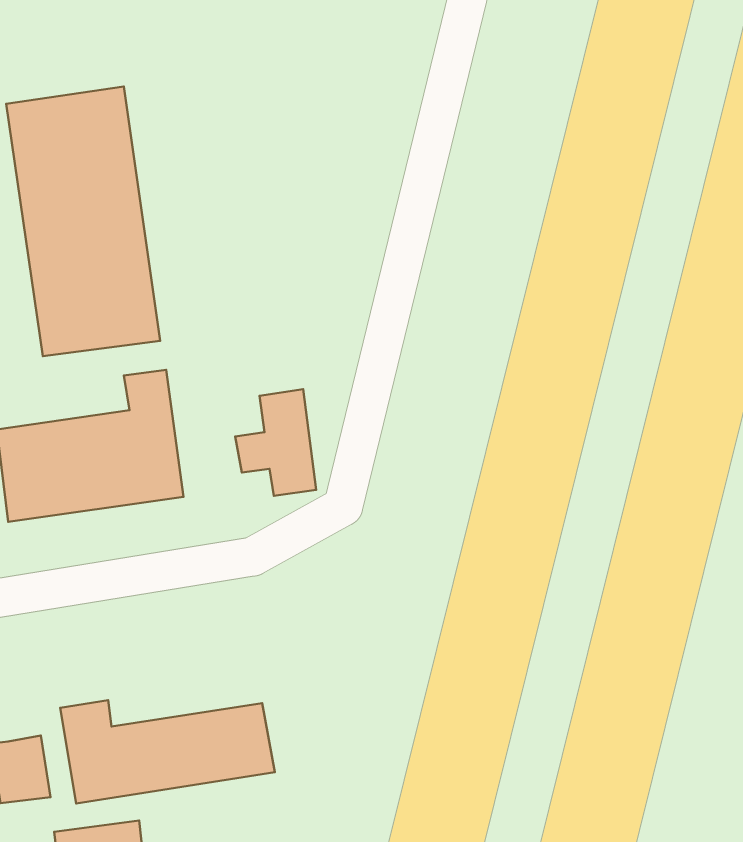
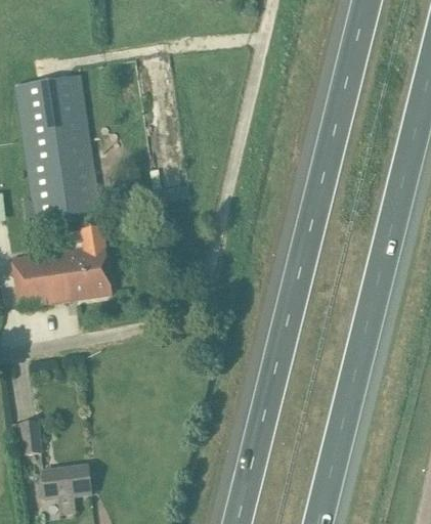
building: [235,389,316,496] -> none
building: [60,700,275,803] -> none

